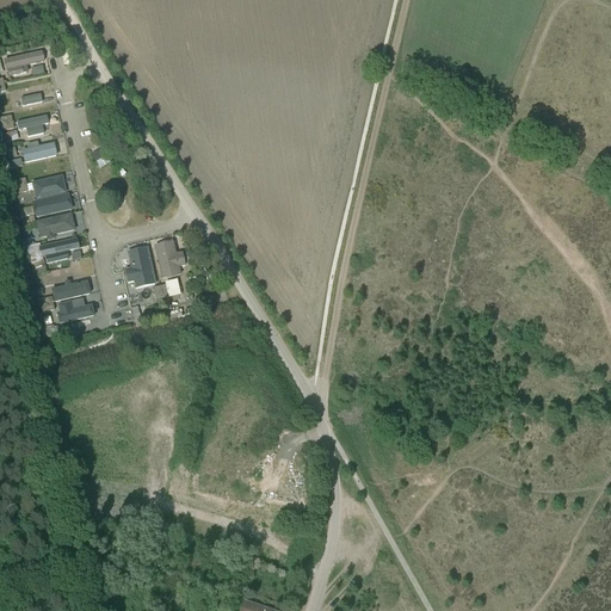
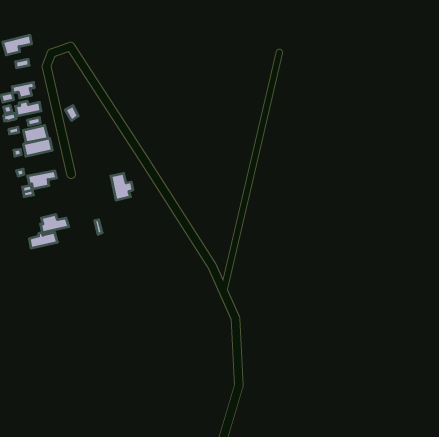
building: [36,211,75,237] -> none
building: [124,246,156,288] -> none
building: [51,279,91,301] -> [29,233,58,248]

